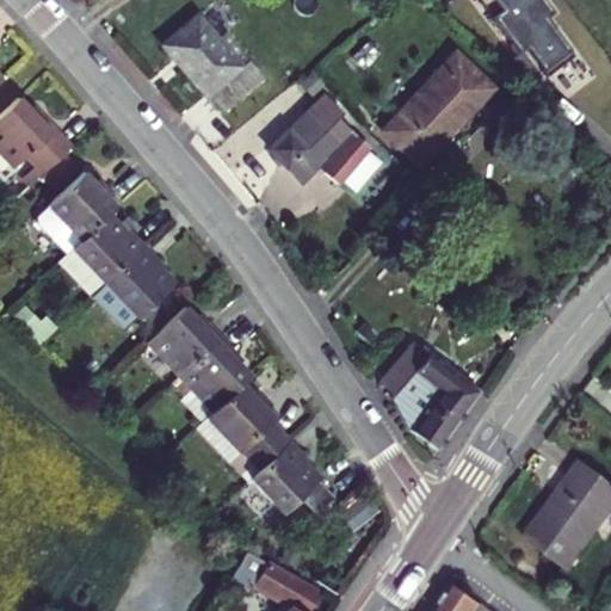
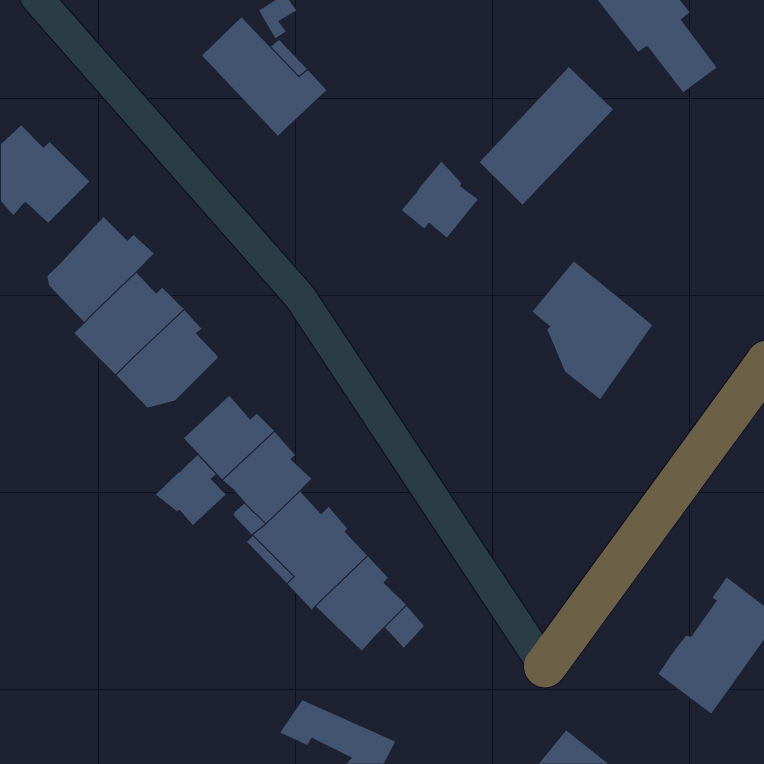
building: [272,92,353,180] -> none
building: [383,337,480,448] -> [532,261,653,400]
building: none -> [155,454,226,526]

